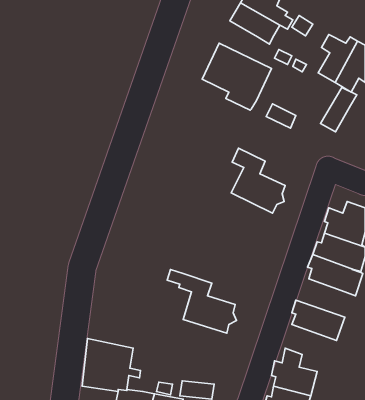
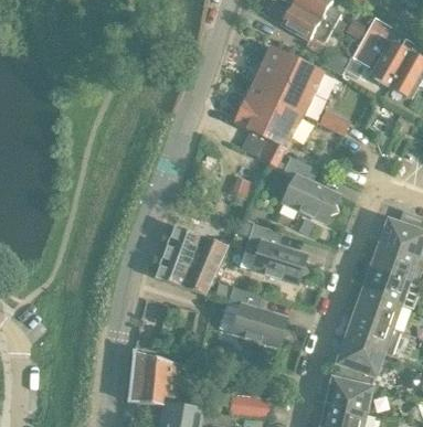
building: none -> [233,84,302,167]
building: [321,87,357,132] -> [352,19,390,65]
building: none -> [235,220,307,284]
building: none -> [155,225,228,295]
building: none -> [349,291,400,331]
building: none -> [332,339,391,387]

